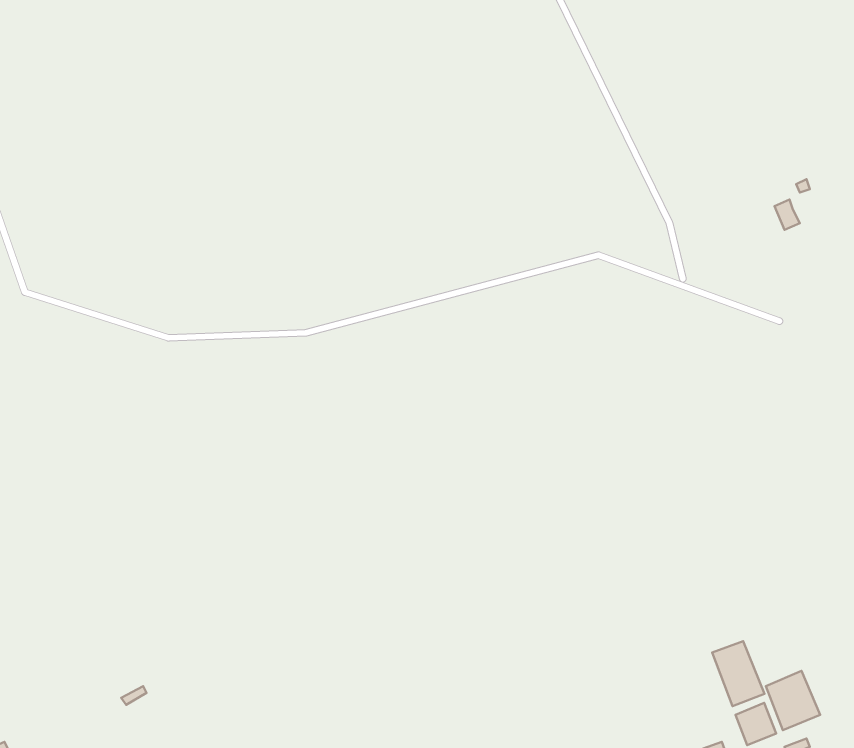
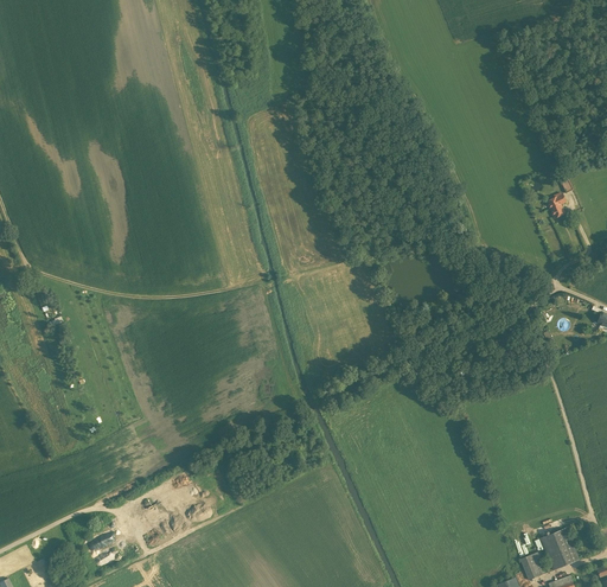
building: [712,641,765,706] -> none

